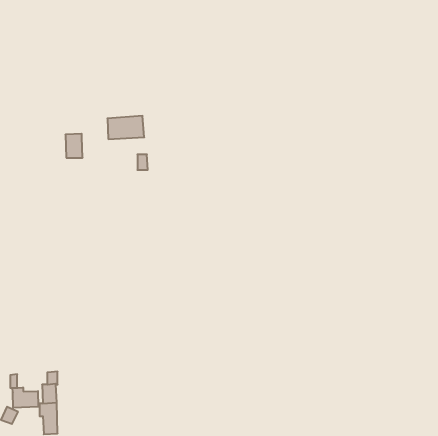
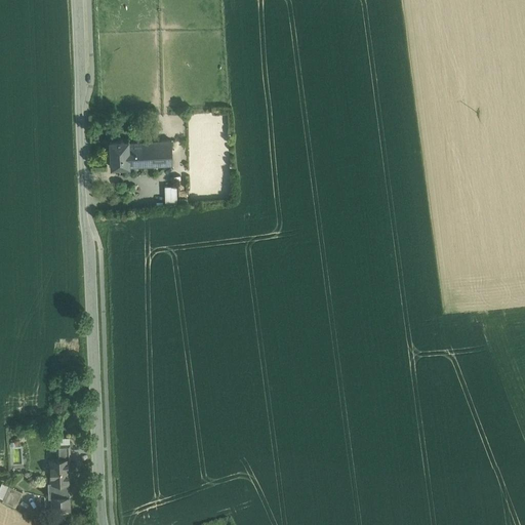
building: [65,134,83,158] -> [109,140,129,169]
building: [13,387,38,408] -> none

